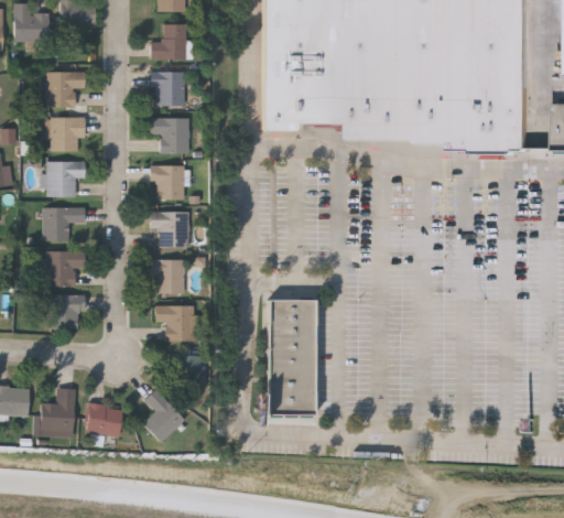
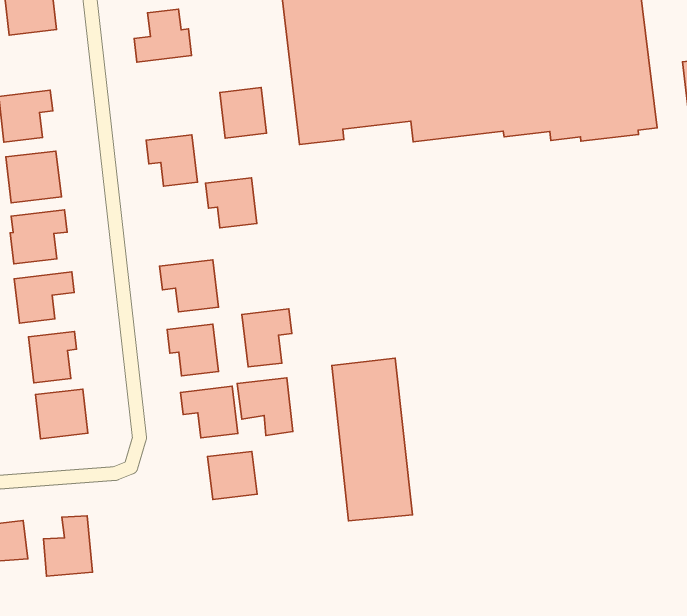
building: [154,72,185,106] -> [220,87,267,138]
building: [151,164,185,198] -> [206,178,257,228]
building: none -> [242,309,292,367]
building: none -> [237,378,293,436]
building: [143,389,185,442] -> none
building: [85,403,124,438] -> none

